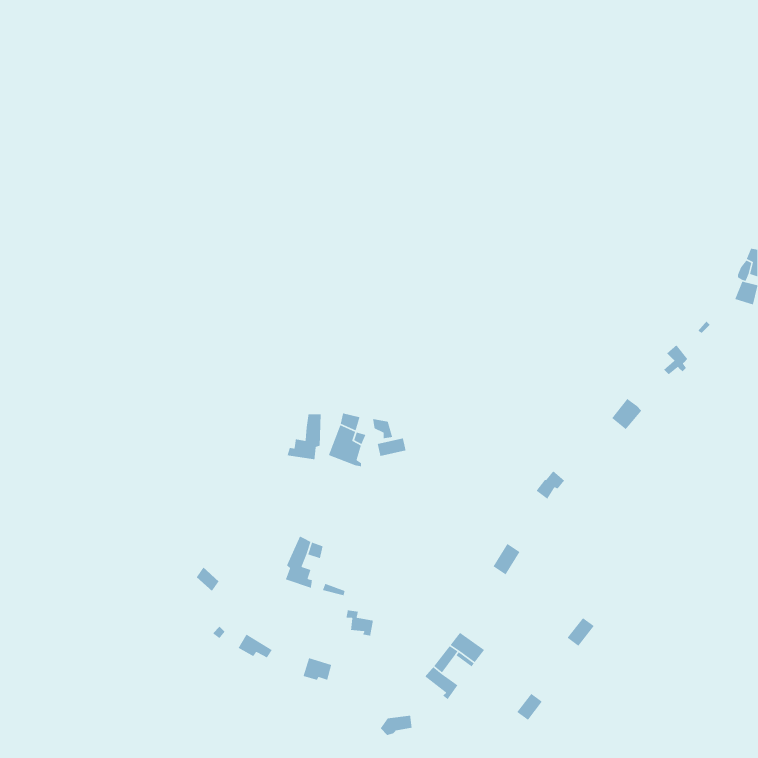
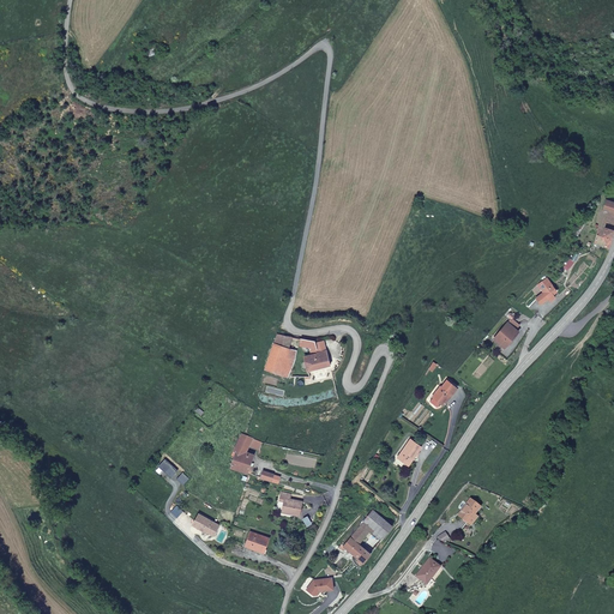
building: [286,413,321,460] -> none

